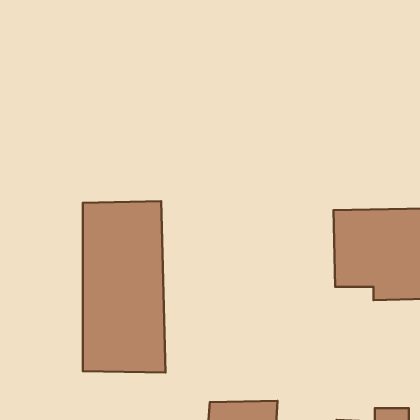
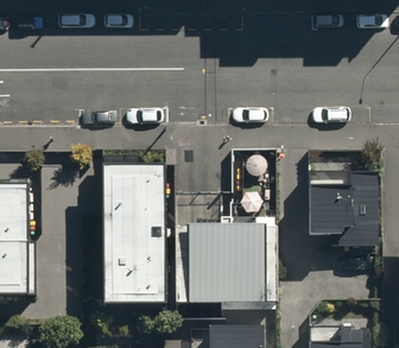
building: none -> [176,226,276,300]

